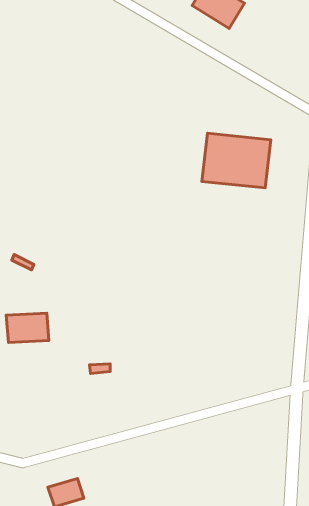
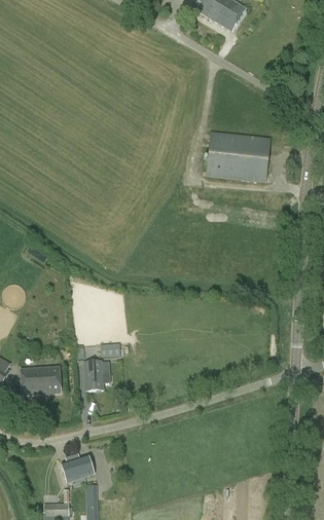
building: [6,313,49,343] -> [20,367,60,395]
building: none -> [83,360,102,393]

